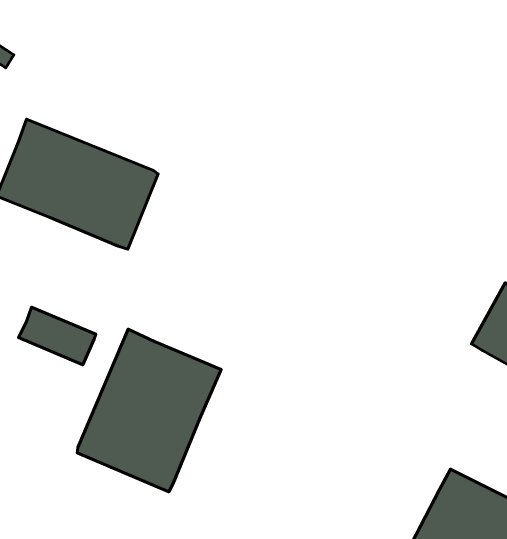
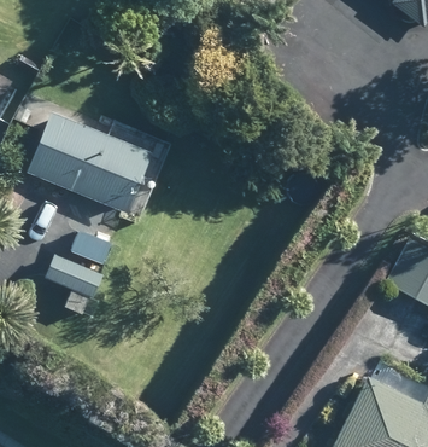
building: [77,329,221,492] -> none

